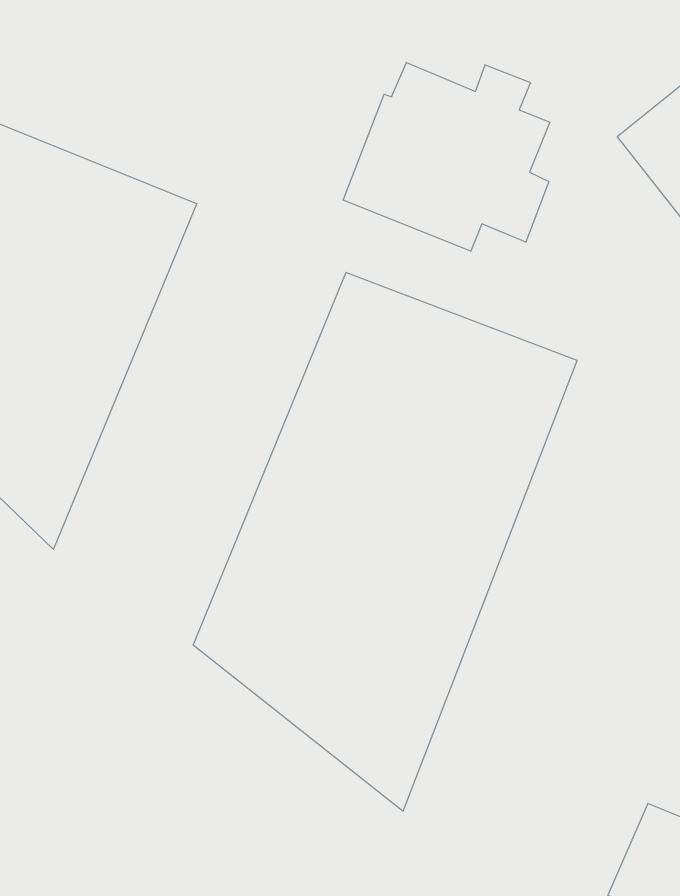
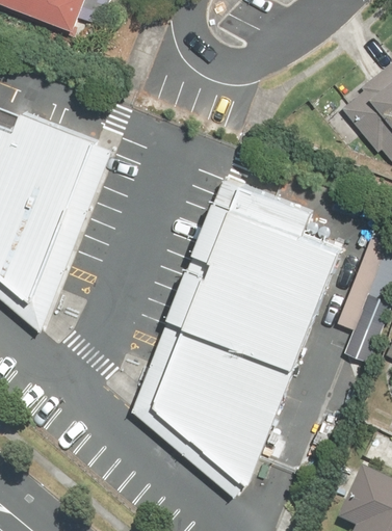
building: [343,62,550,251] -> none

